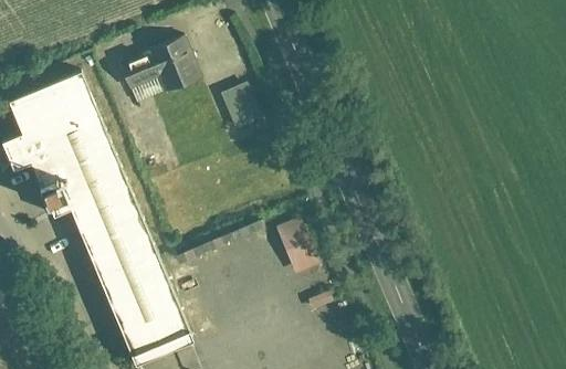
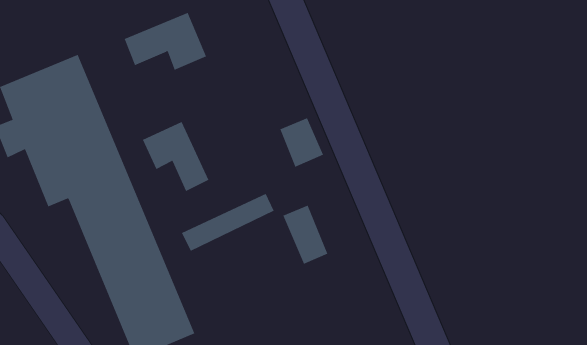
building: [221,83,263,130] -> [280,117,324,168]
building: none -> [142,121,209,192]

